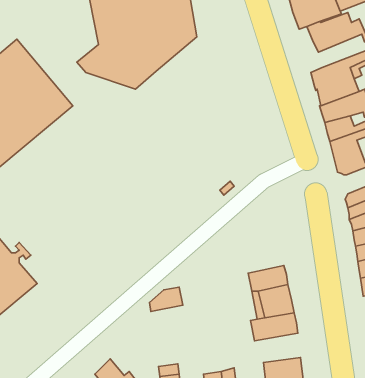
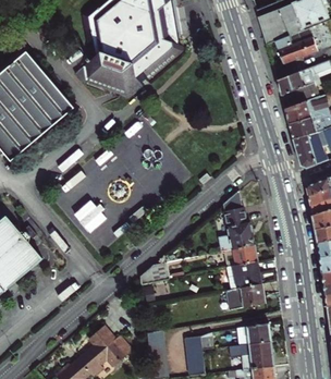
building: none -> [219,190,254,250]

